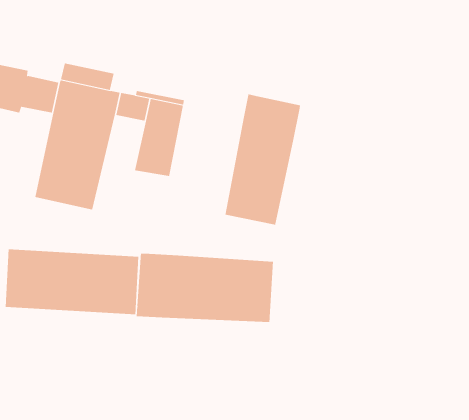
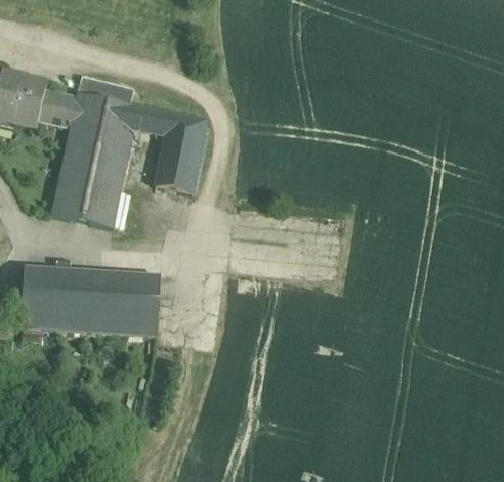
building: [225,94,301,226] -> none
building: [136,253,273,323] -> none

